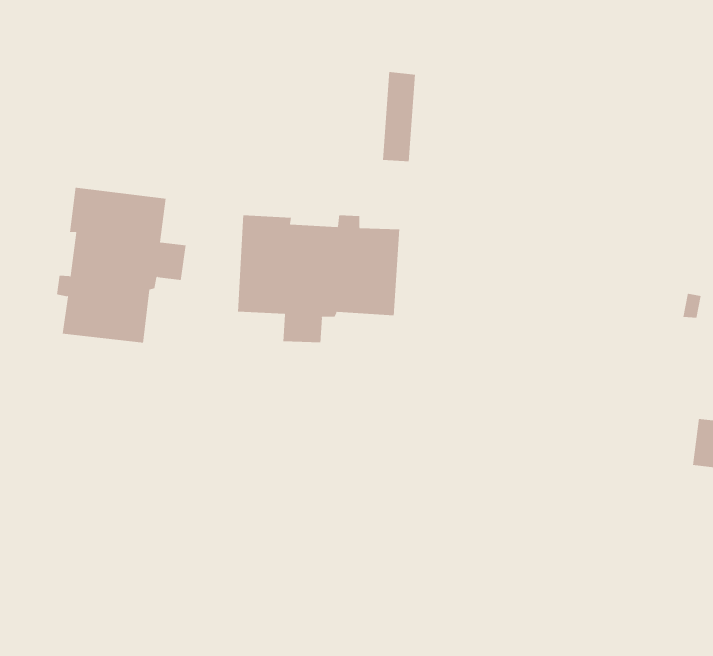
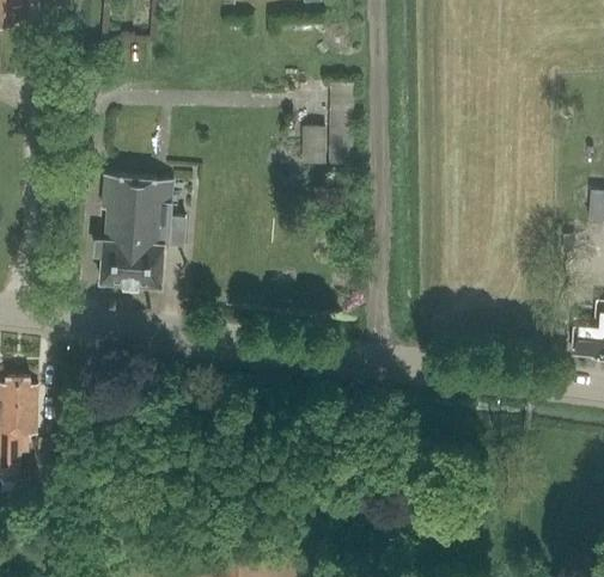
building: none -> [298,129,322,166]
building: [238,215,400,343] -> none

